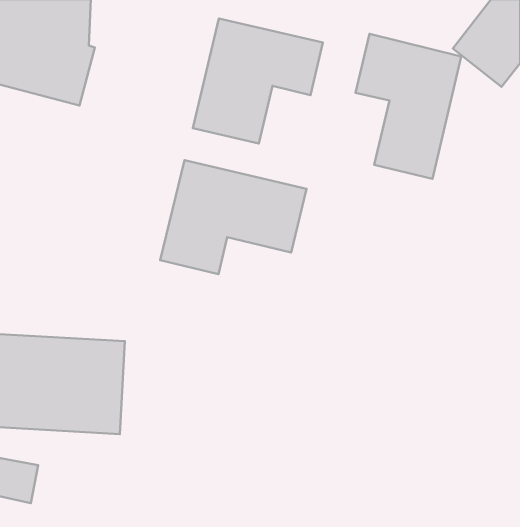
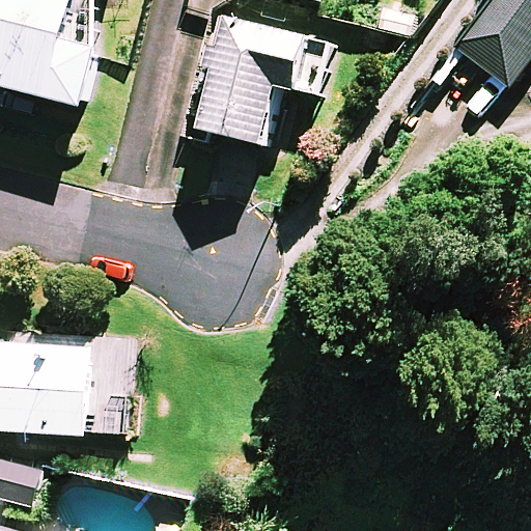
building: [356,34,461,179] -> none
building: [160,160,306,274] -> none

